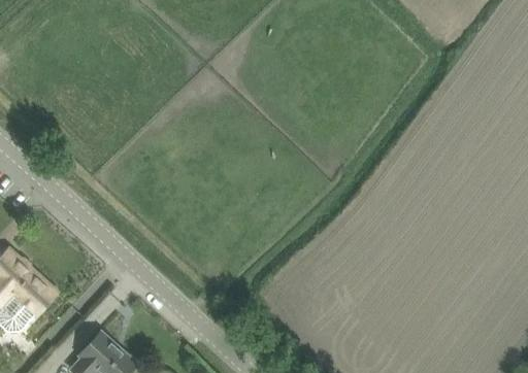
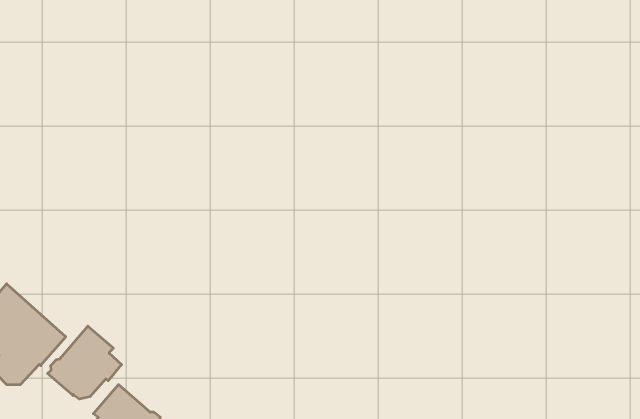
building: none -> [48,326,122,399]

